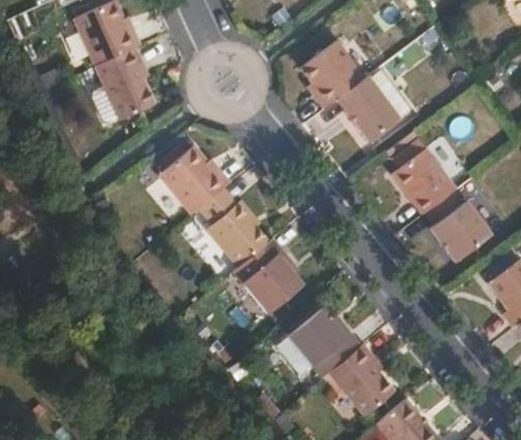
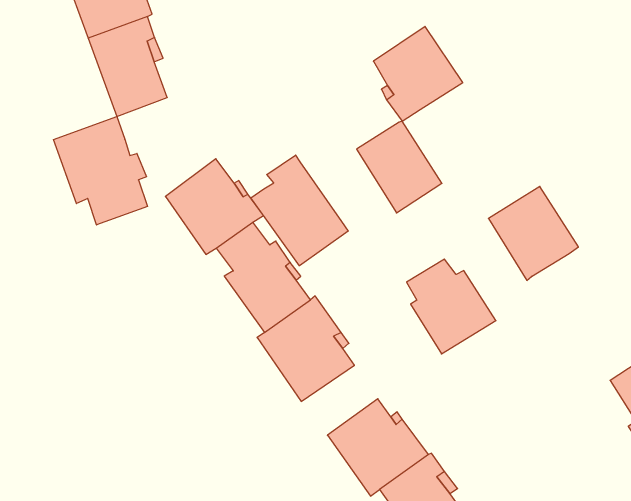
building: [336,76,399,142] -> [357,121,442,213]
building: none -> [53,117,147,225]
building: none -> [251,155,348,266]
building: [425,194,491,262] -> [407,259,496,354]

